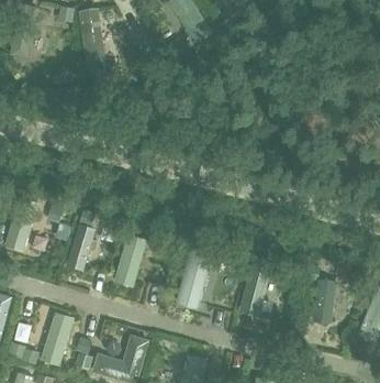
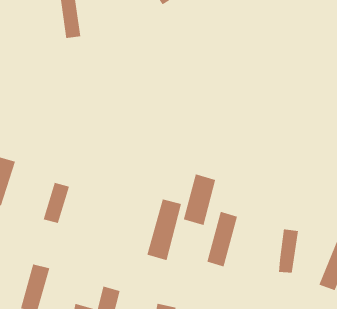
building: none -> [183,173,216,226]
building: [113,234,146,288] -> none

